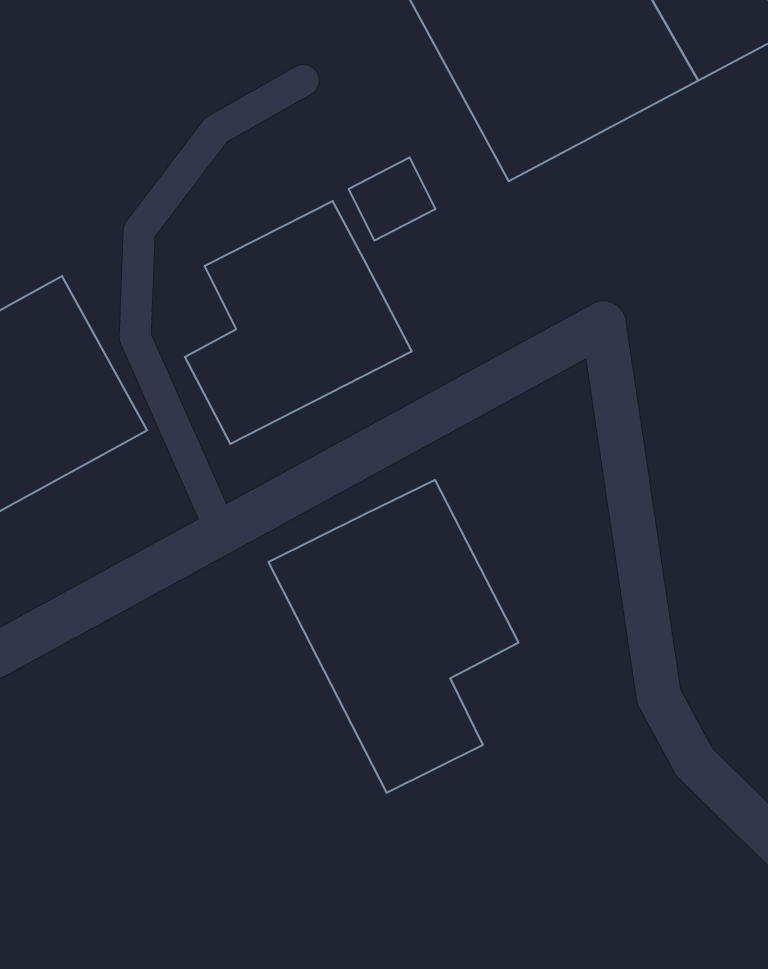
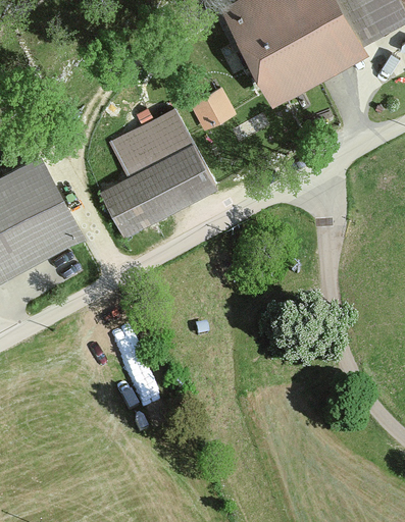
building: [269,480,519,793] -> none

